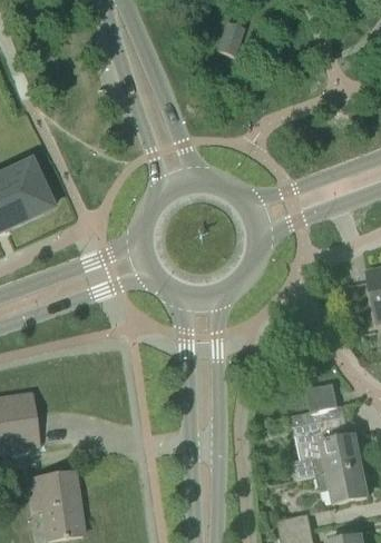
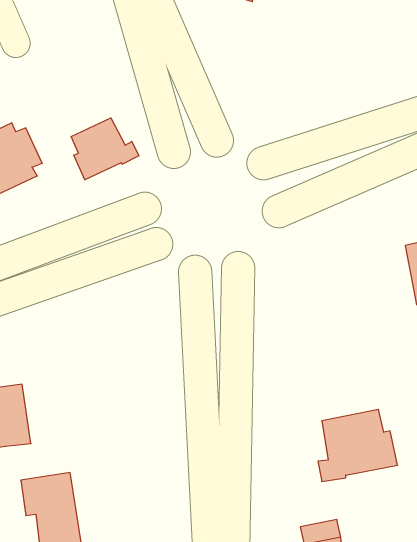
building: none -> [71,118,139,180]
building: [306,382,339,411] -> none
building: [316,464,369,502] -> none

